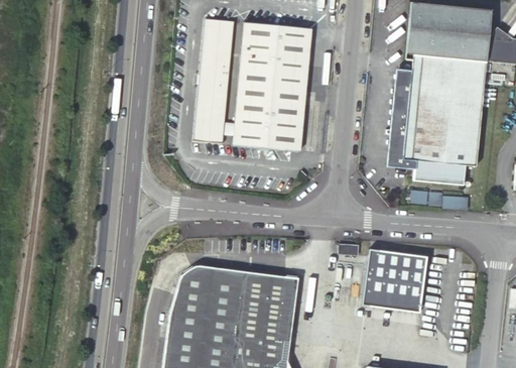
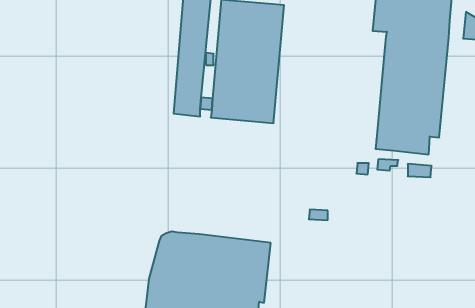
building: [486,27,504,62] -> none
building: [386,69,418,168] -> none
building: [363,241,428,311] -> none

